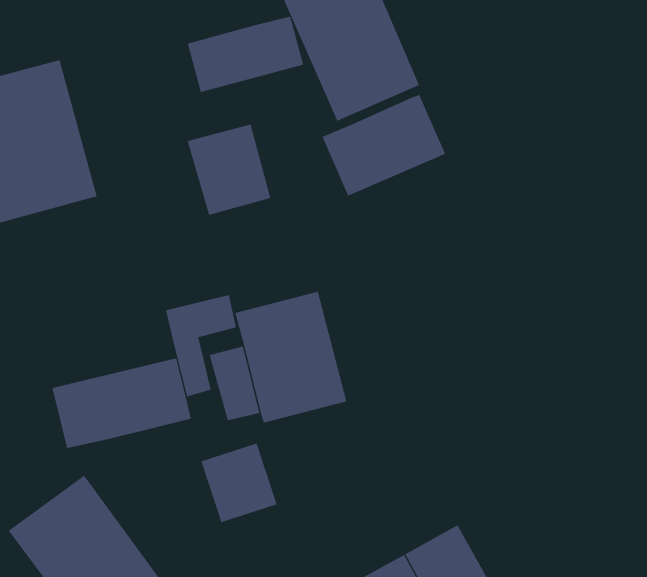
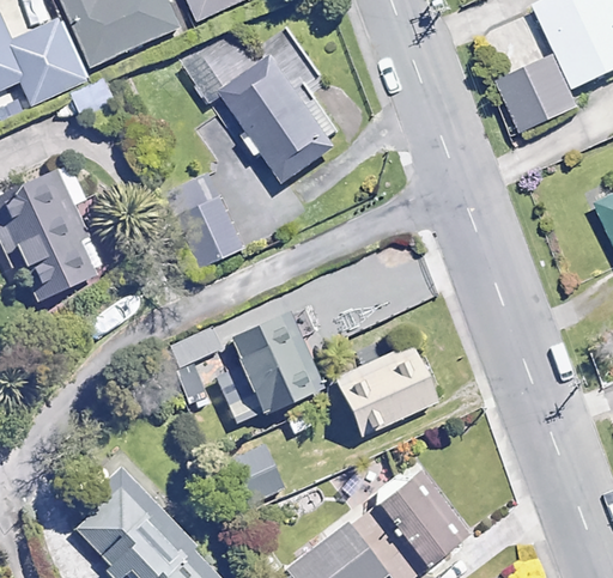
building: [187,16,304,93] -> none
building: [322,94,446,197] -> none
building: none -> [338,340,442,433]
building: [52,358,191,449] -> none

